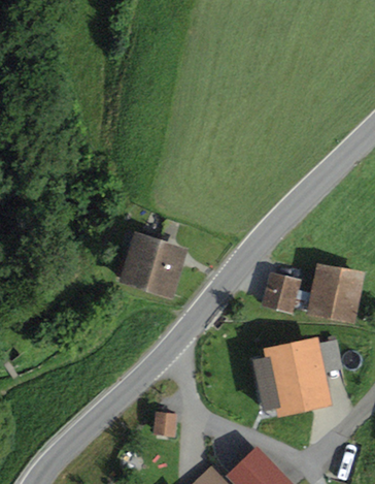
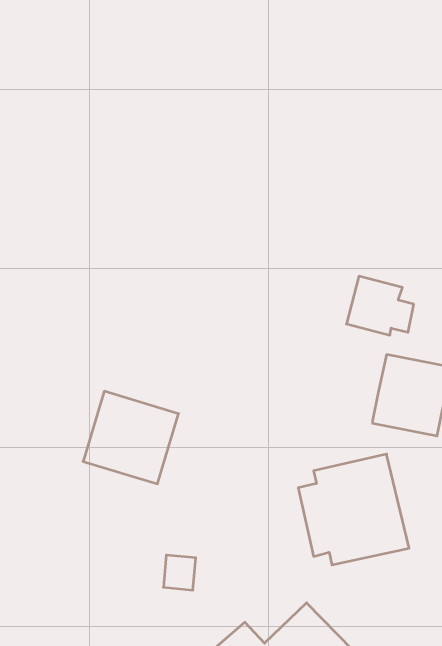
building: [118,232,189,300] -> [83,391,179,484]
building: [261,271,310,315] -> [346,276,414,335]

